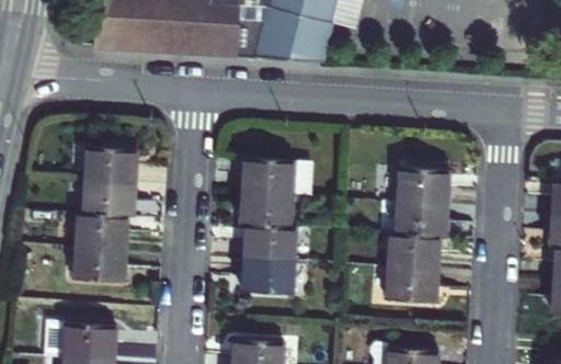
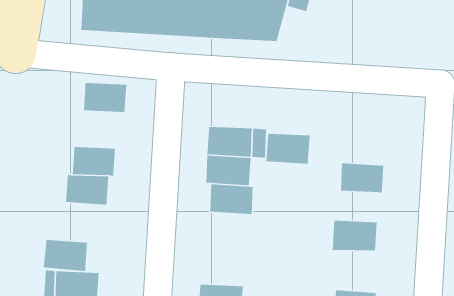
building: [88,147,138,182] -> [83,82,127,113]
building: [394,166,446,202] -> [266,133,310,165]
building: [386,231,437,266] -> none
building: [75,244,126,282] -> [43,239,88,272]
building: [242,255,293,294] -> none

